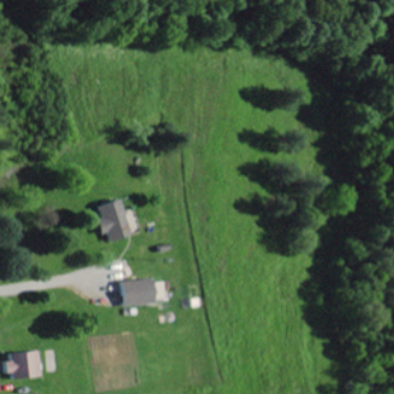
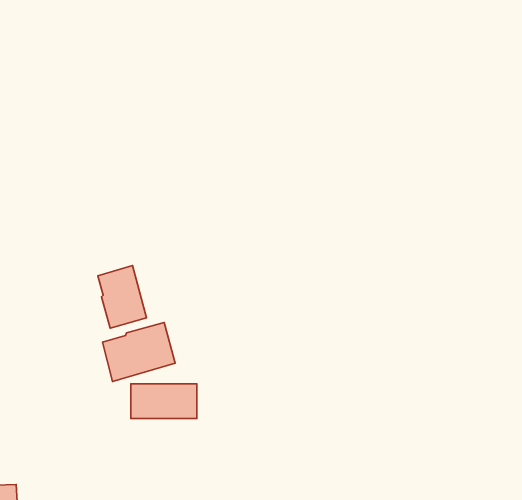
building: none -> [103,322,175,381]

